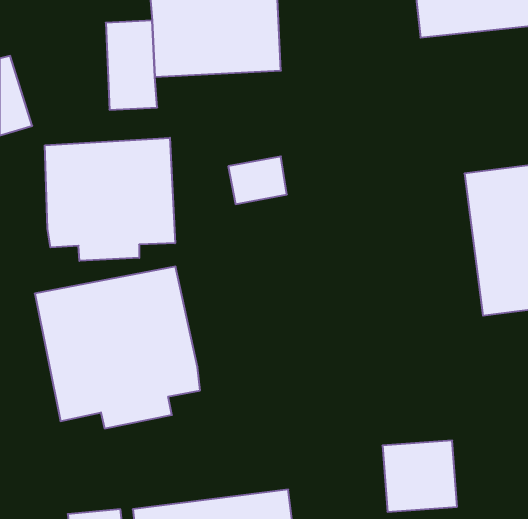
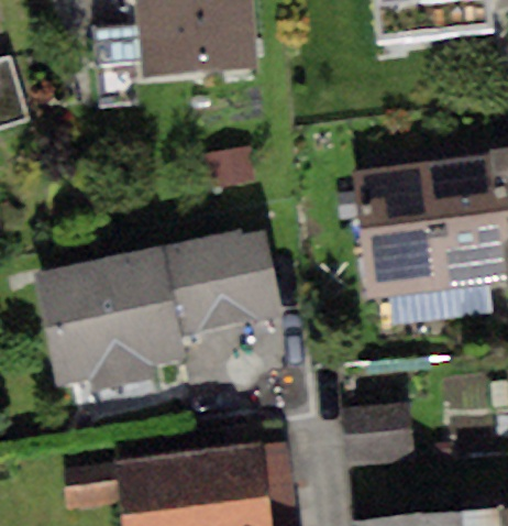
building: [45,138,175,261] -> none
building: none -> [353,163,437,299]
building: none -> [161,230,280,337]

